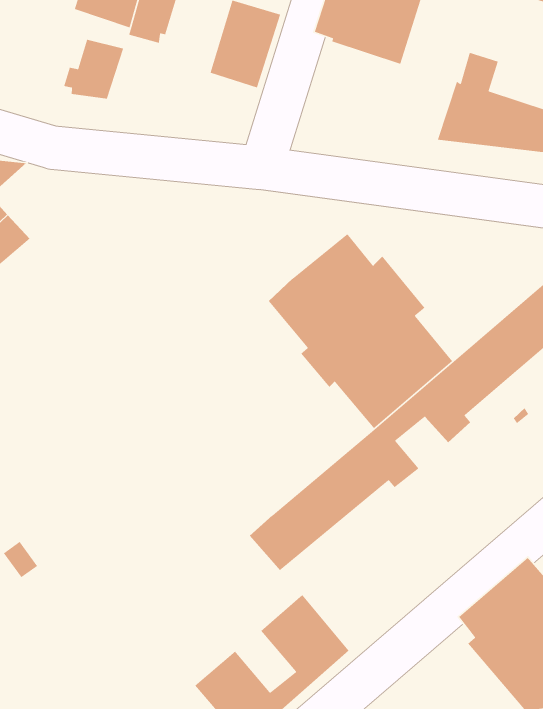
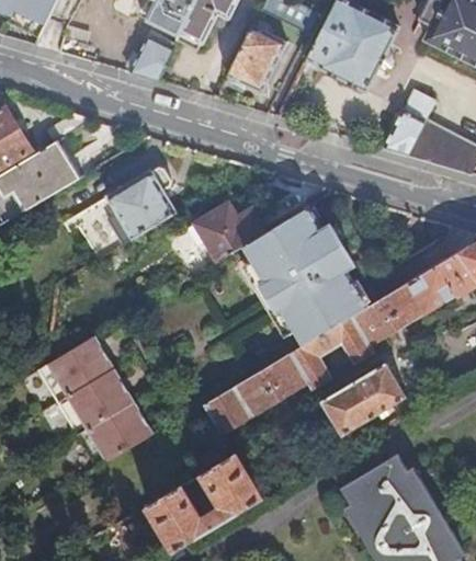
building: none -> [77,164,175,256]
building: none -> [186,201,264,259]
building: none -> [322,363,406,434]
building: none -> [39,332,154,467]

